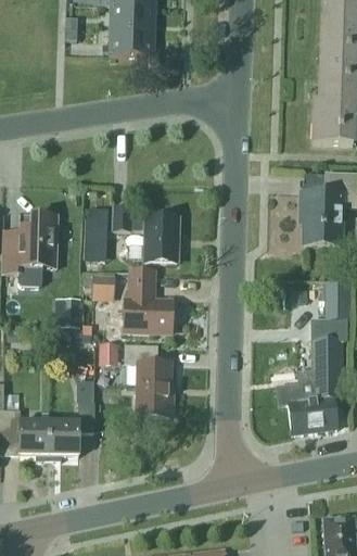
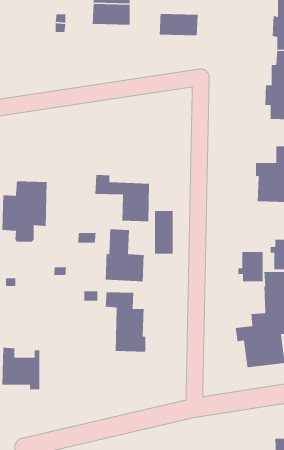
building: [109,29,155,56] -> [159,13,199,36]
building: [88,205,111,257] -> [154,210,173,254]
building: none -> [238,251,263,282]
building: [49,402,94,459] -> none

